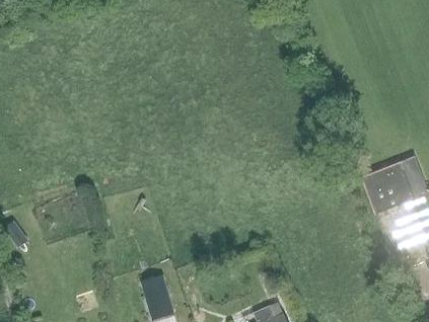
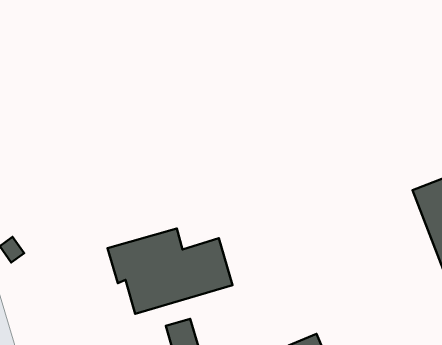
building: none -> [107,229,233,314]

